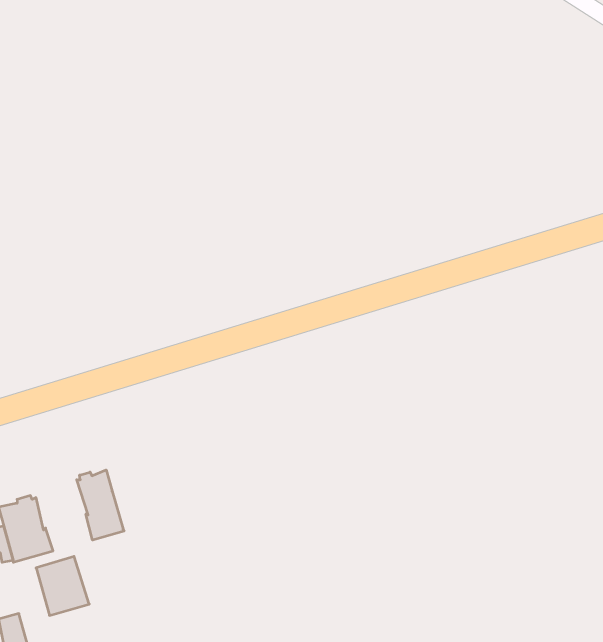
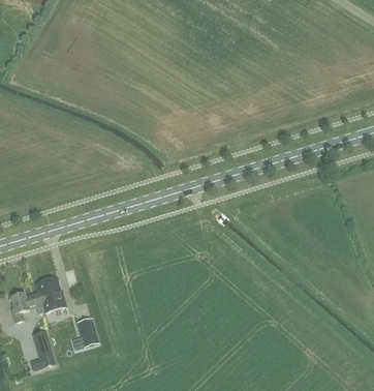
building: [77,470,124,540] -> none

